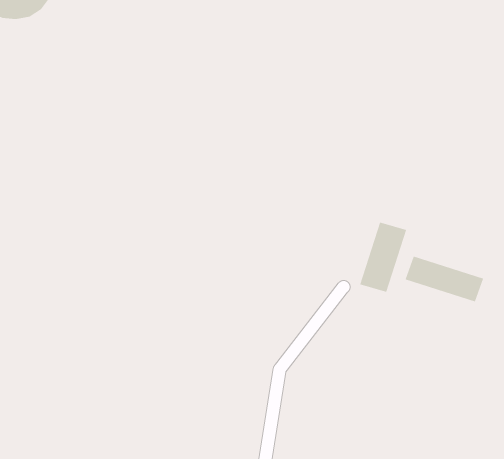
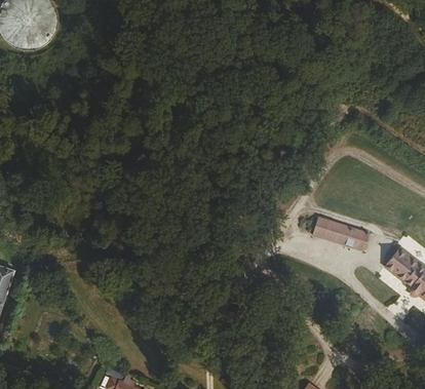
building: [359,221,407,293] -> none

